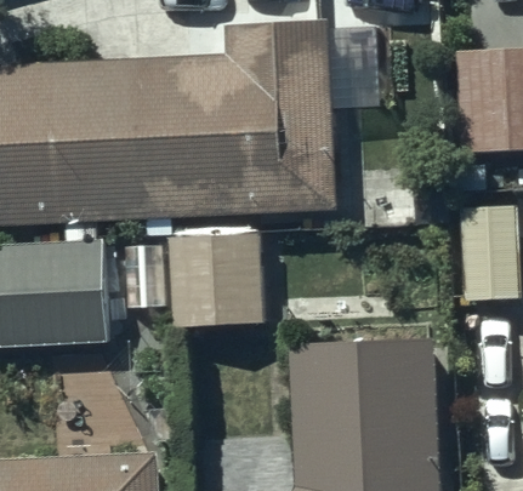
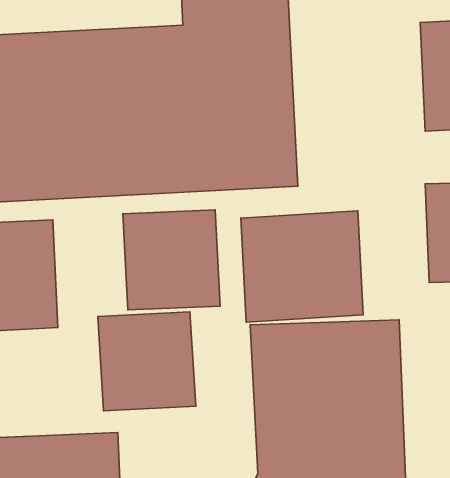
building: none -> [241,211,363,322]
building: none -> [98,312,196,411]

